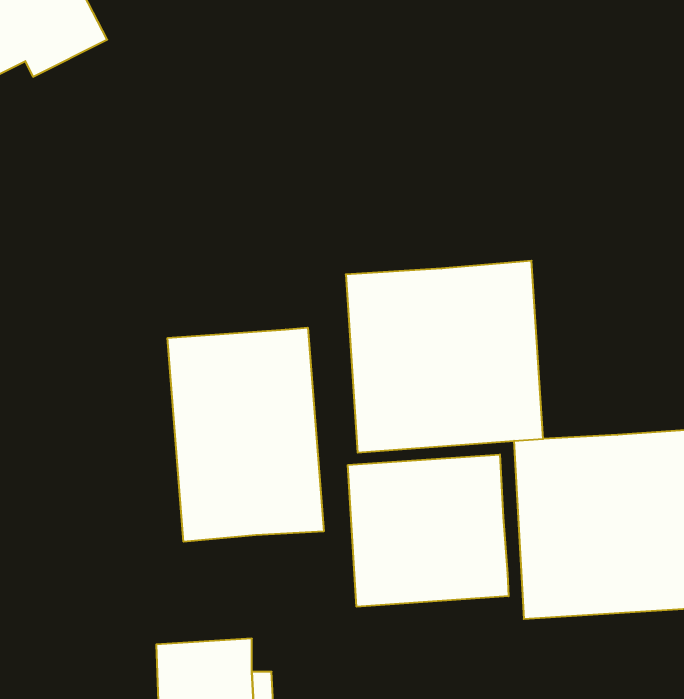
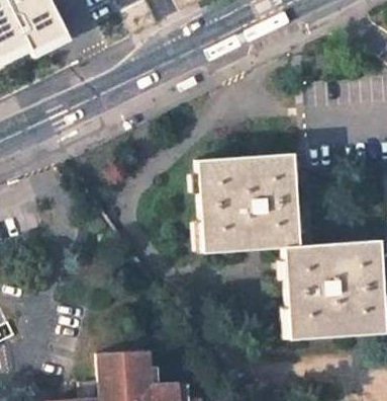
building: [168,328,324,542] -> none
building: [348,454,509,607] -> none

